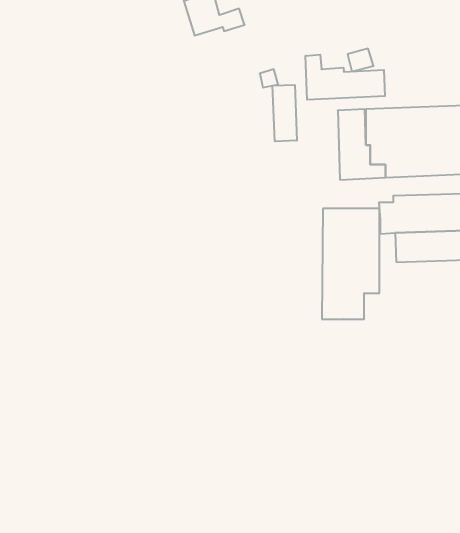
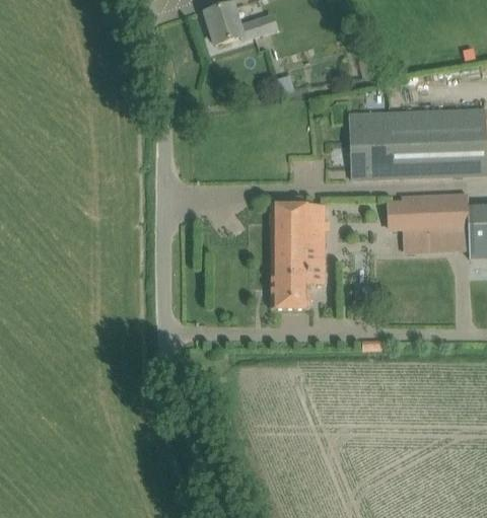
building: [306,55,385,100] -> none
building: [273,85,297,141] -> none
building: [322,209,379,319] -> [271,204,325,307]

